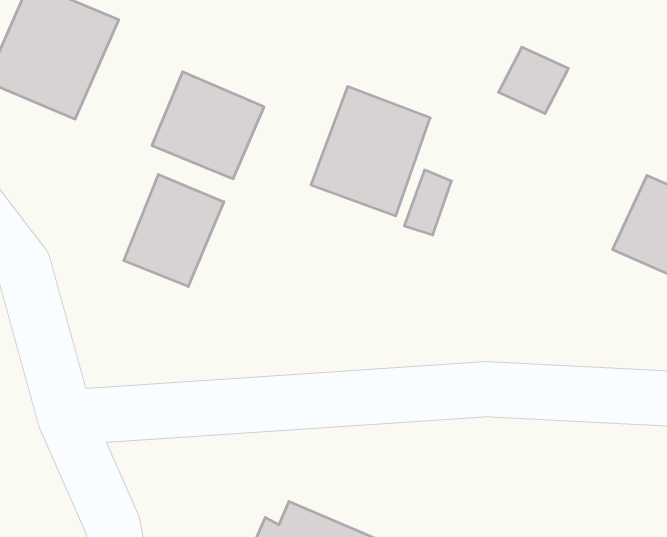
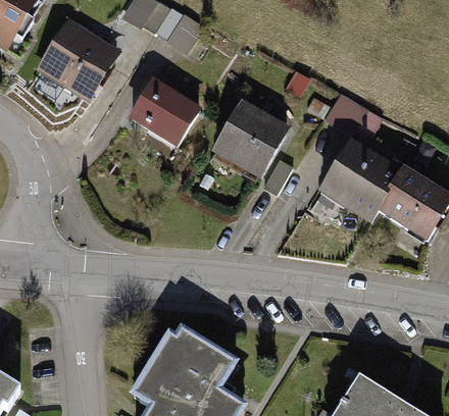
building: none -> [323,142,396,217]
building: [124,174,224,287] -> none

